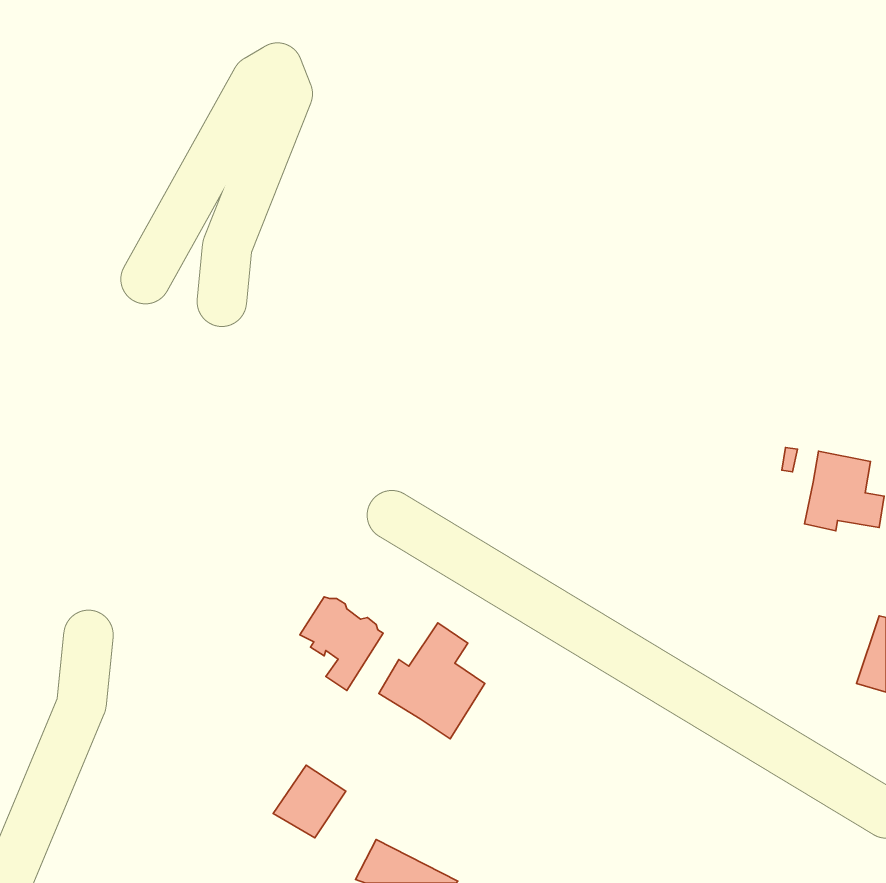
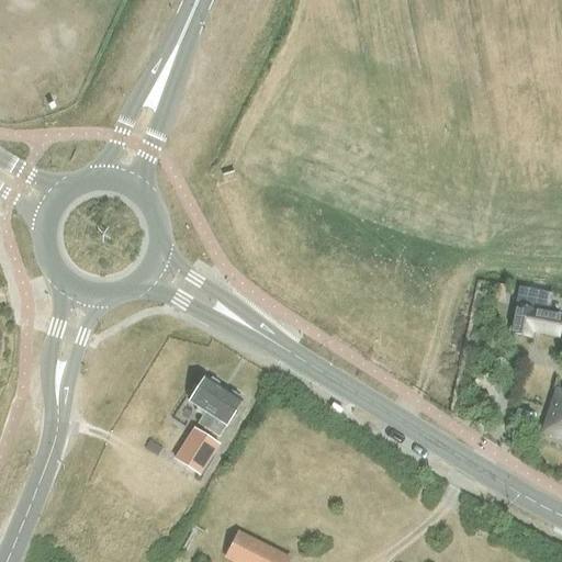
building: [379,623,485,739] -> none
building: [273,765,346,838] -> [175,428,221,474]

